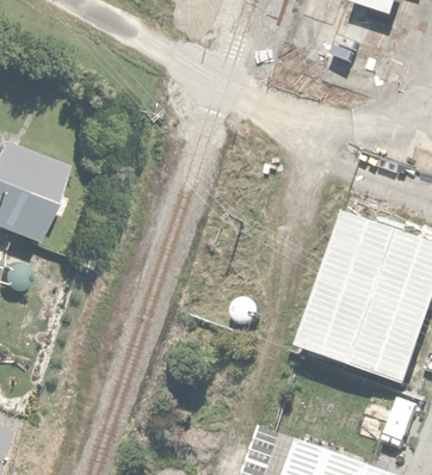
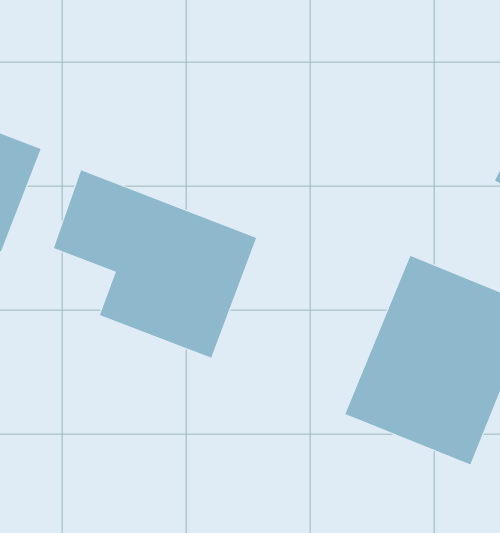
building: none -> [53,170,257,358]

